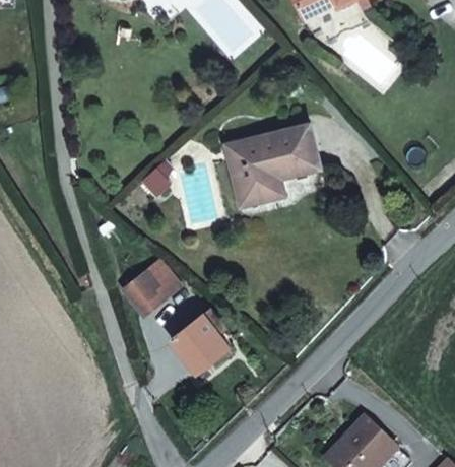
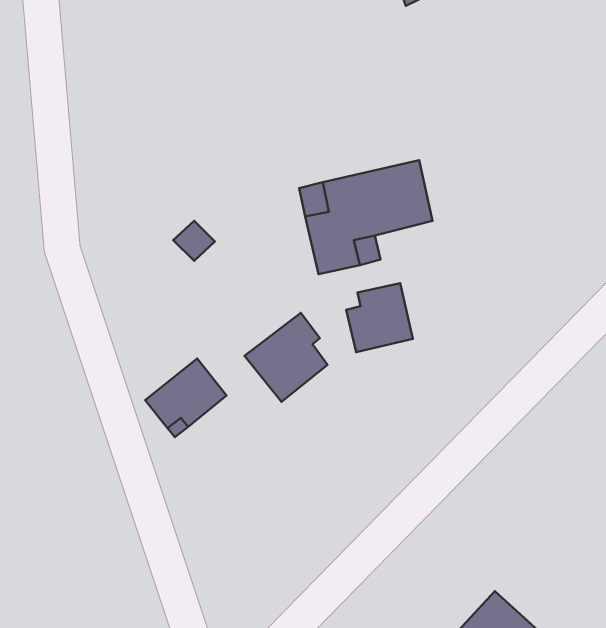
building: none -> [346,283,413,352]
building: [171,311,228,372] -> [244,313,327,402]

